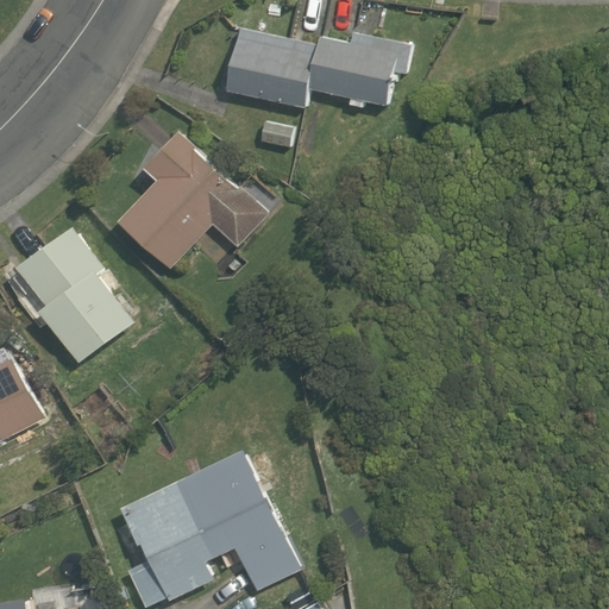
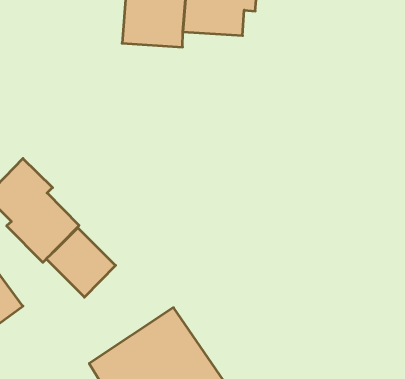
building: [117,128,268,269] -> none
building: none -> [46,228,116,297]

